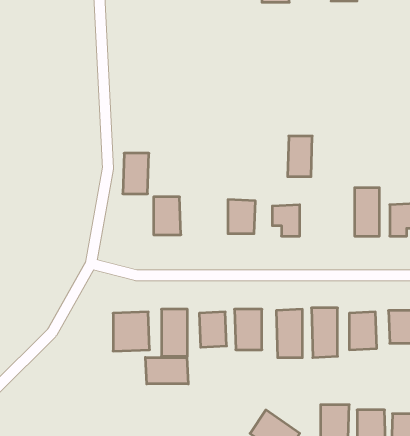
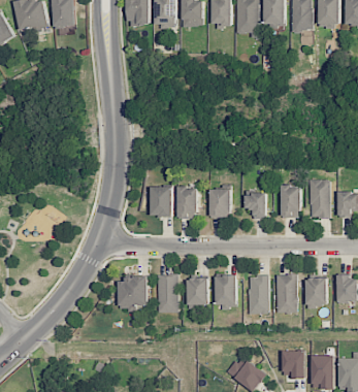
building: [288,136,312,177] -> [281,186,300,218]
building: [123,153,149,194] -> [176,187,197,219]
building: [145,357,188,384] -> none

